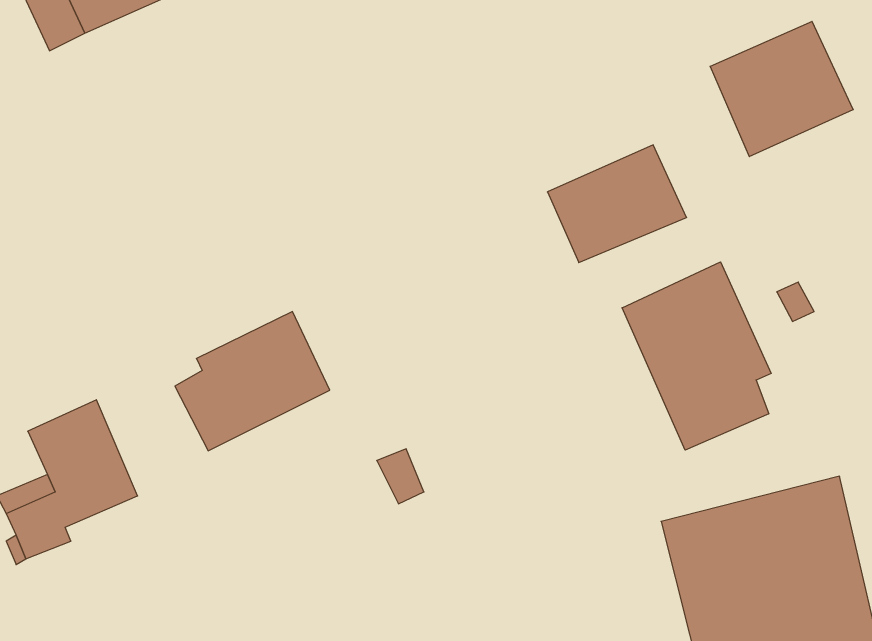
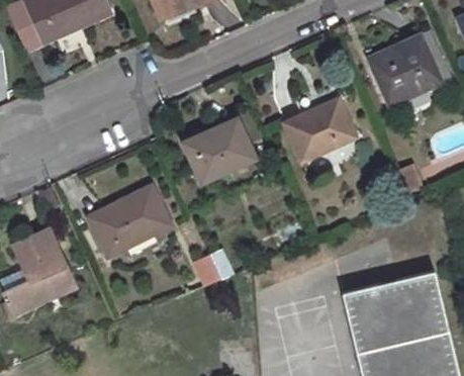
building: none -> [185,119,255,181]
building: [622,262,771,450] -> none

